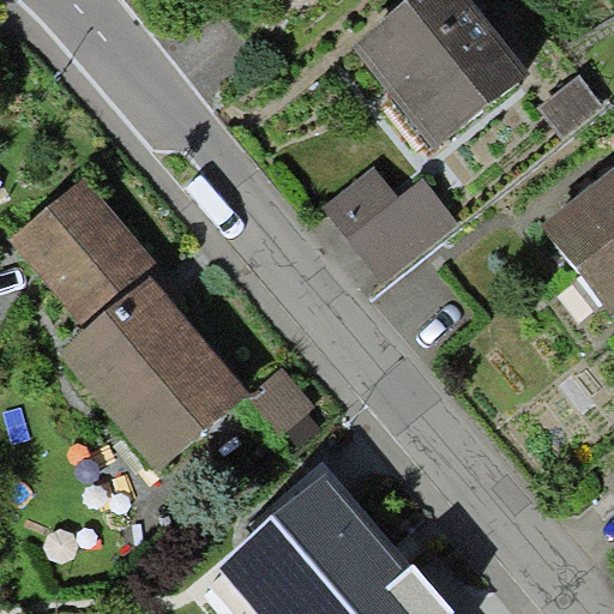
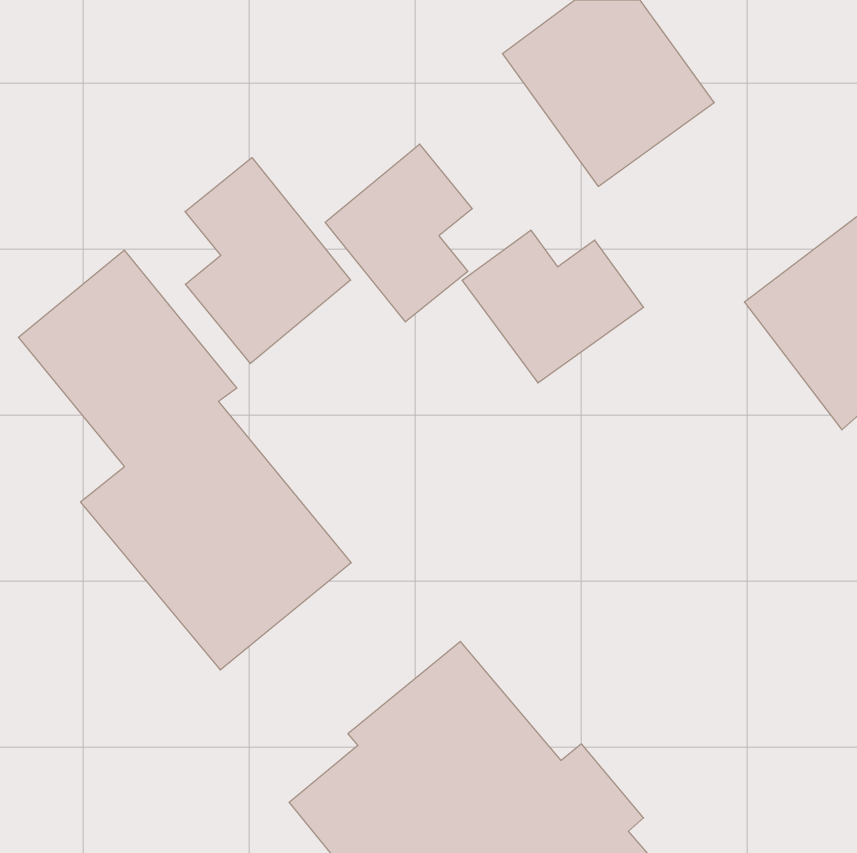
building: none -> [325,144,472,322]
building: none -> [185,158,351,364]

